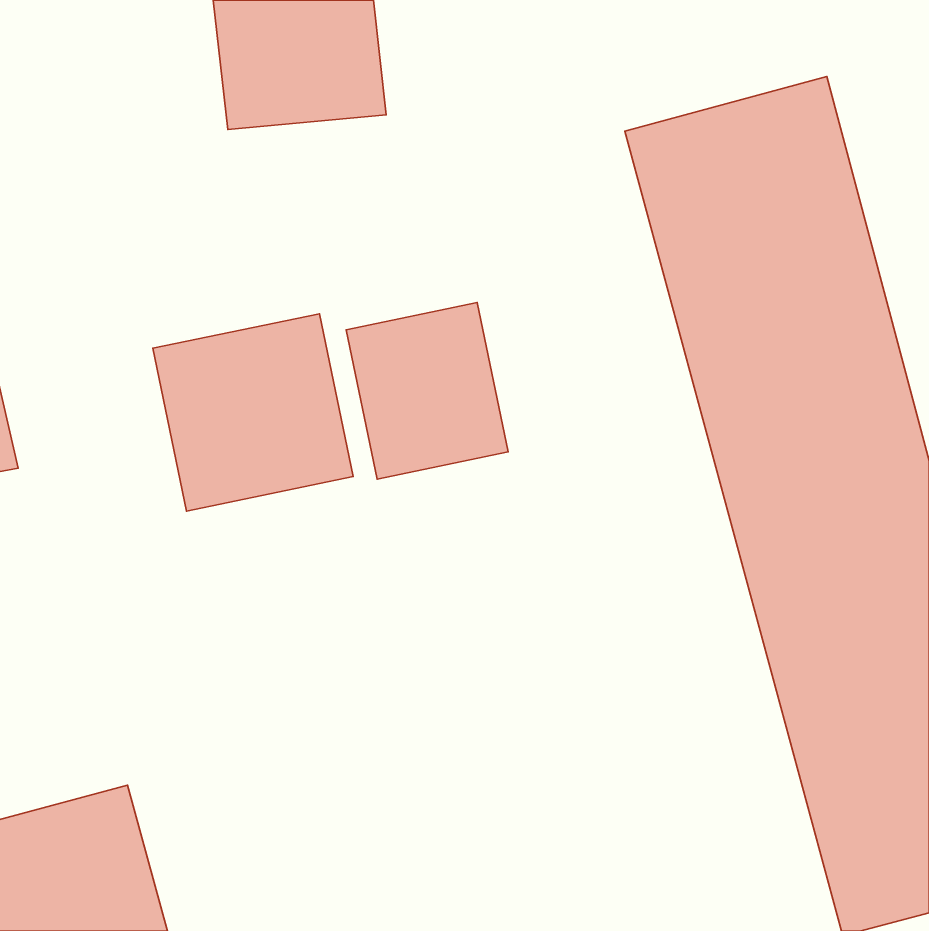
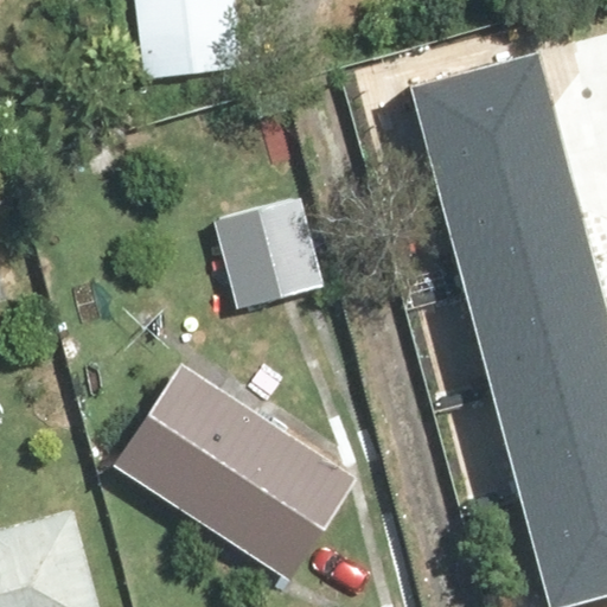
building: [153,314,353,511] -> none
building: none -> [128,366,366,582]

